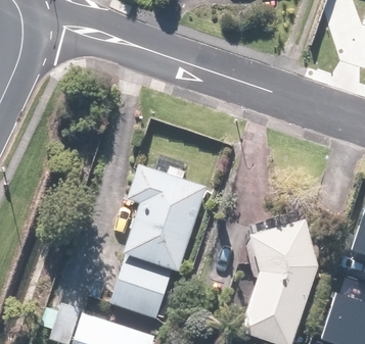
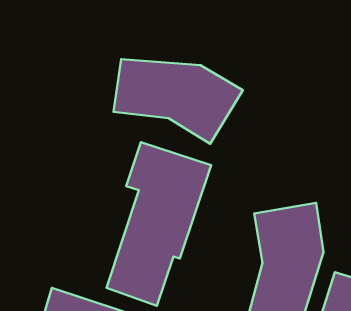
building: none -> [113,59,243,144]

